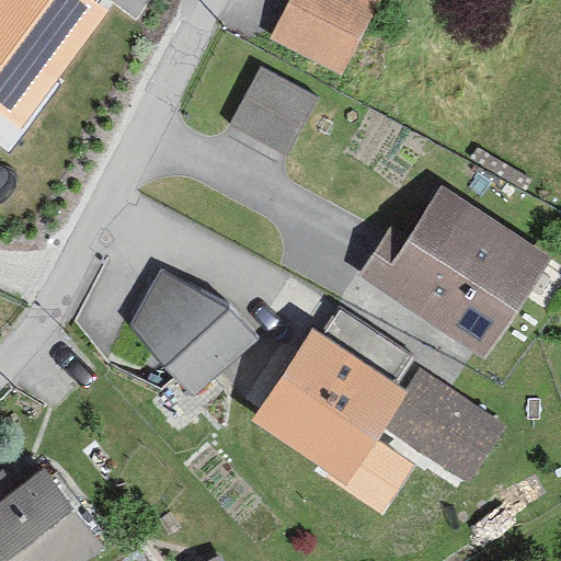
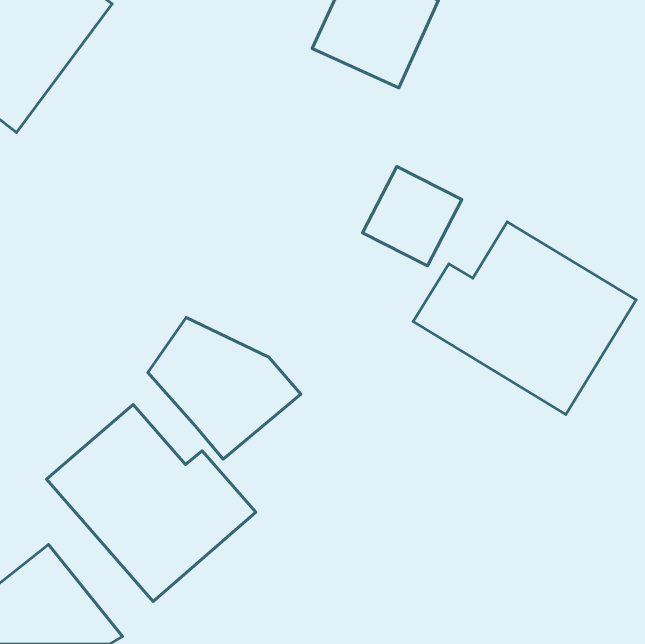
building: [227,71,312,157] -> [362,166,462,266]
building: [255,327,500,485] -> none
building: none -> [47,404,256,602]

